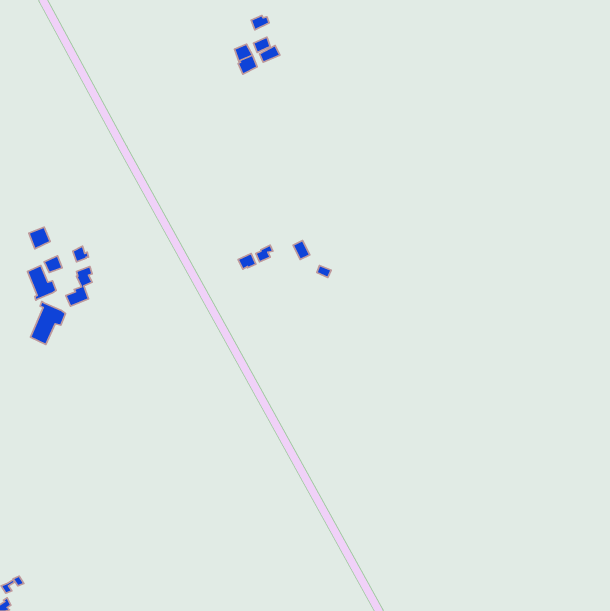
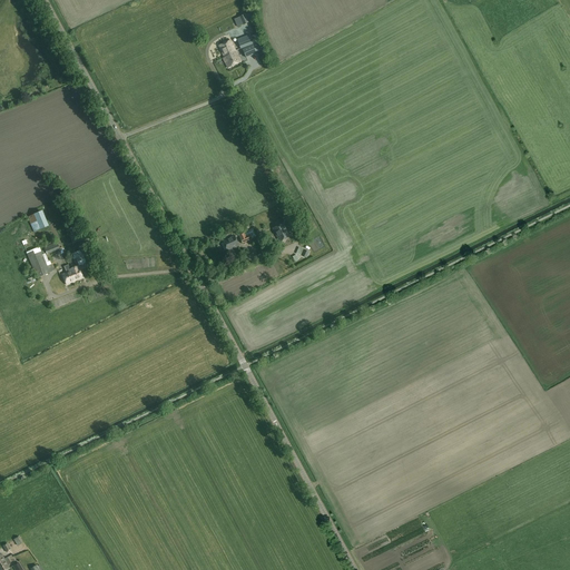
building: [30,302,66,345] -> none

